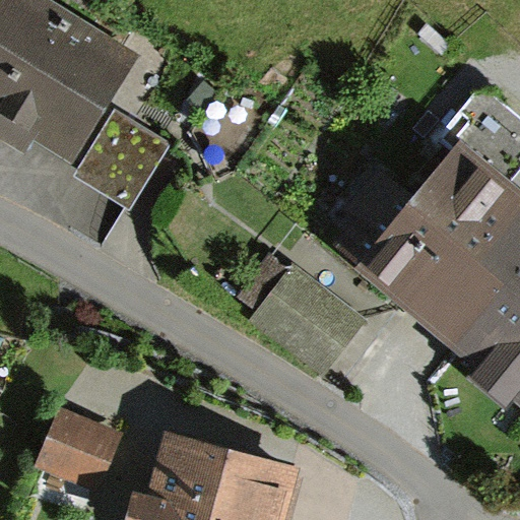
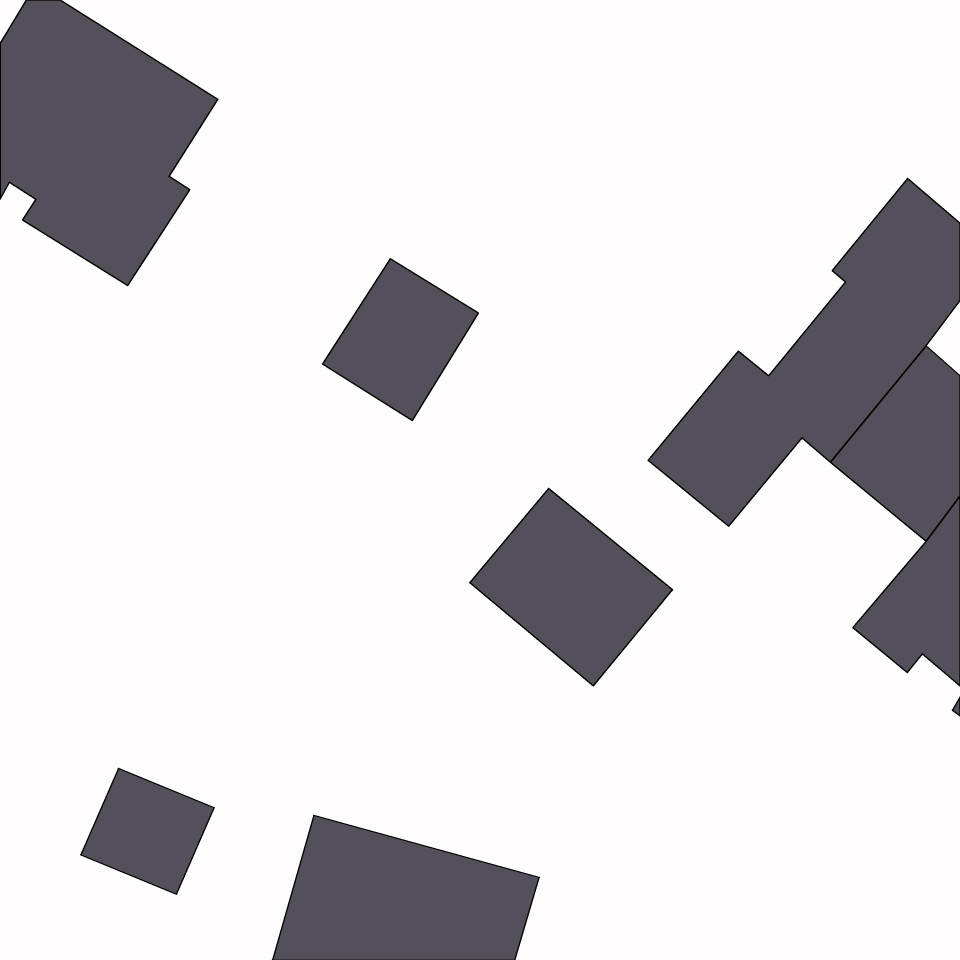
building: [80,117,165,204] -> [322,259,478,420]
building: [394,237,501,339] -> none

